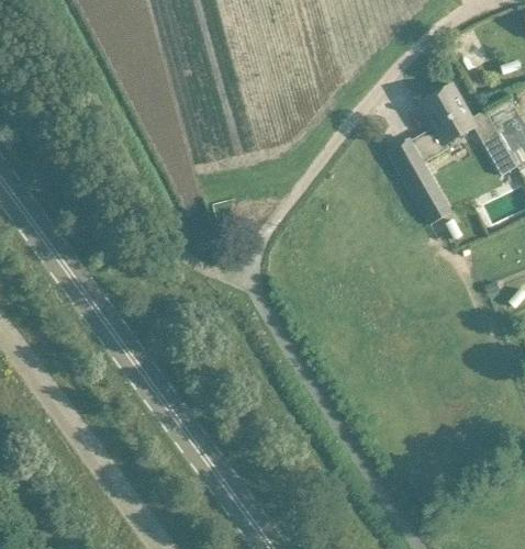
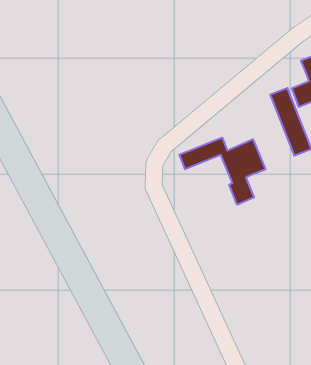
building: none -> [179,138,265,205]

